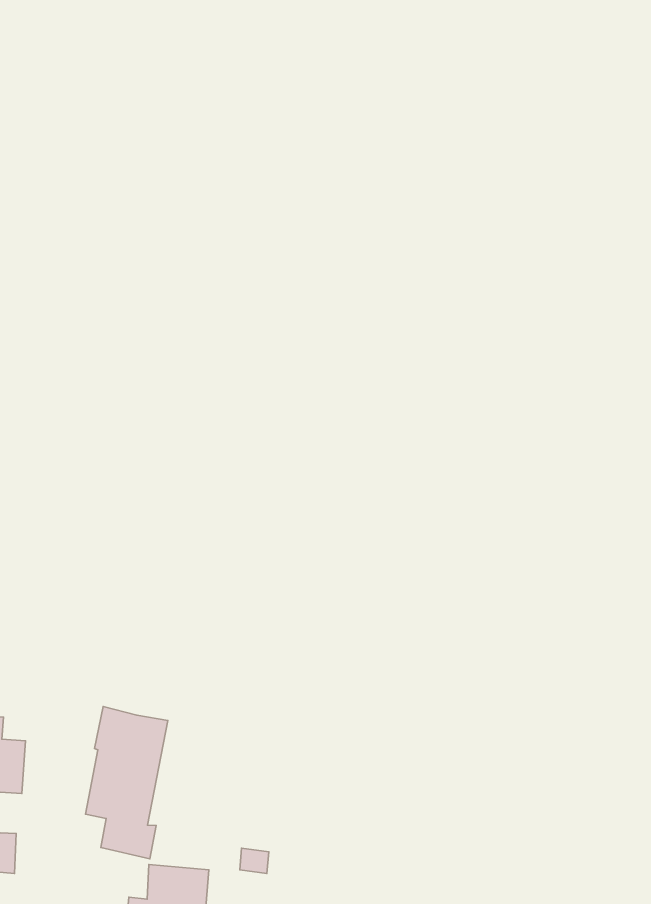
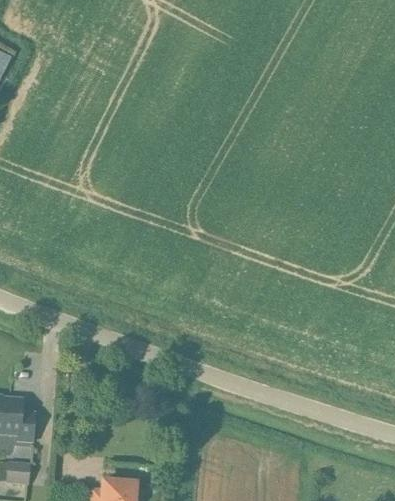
building: [86,706,168,859] -> none

